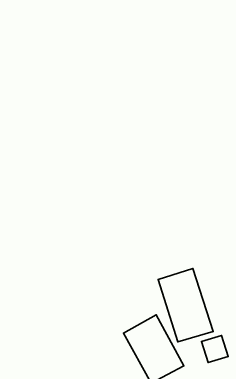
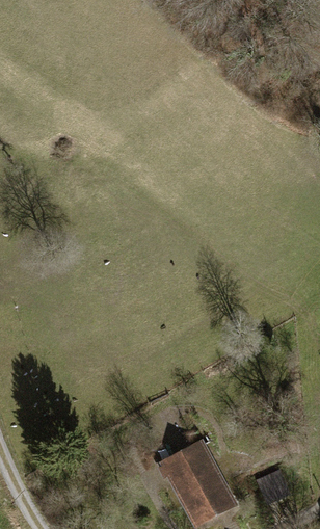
building: [158,268,213,342] -> none

